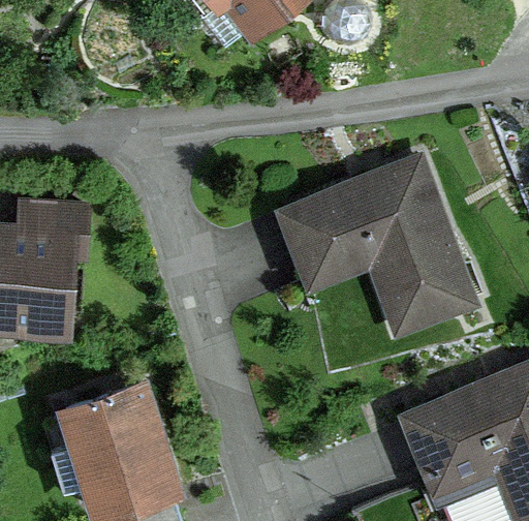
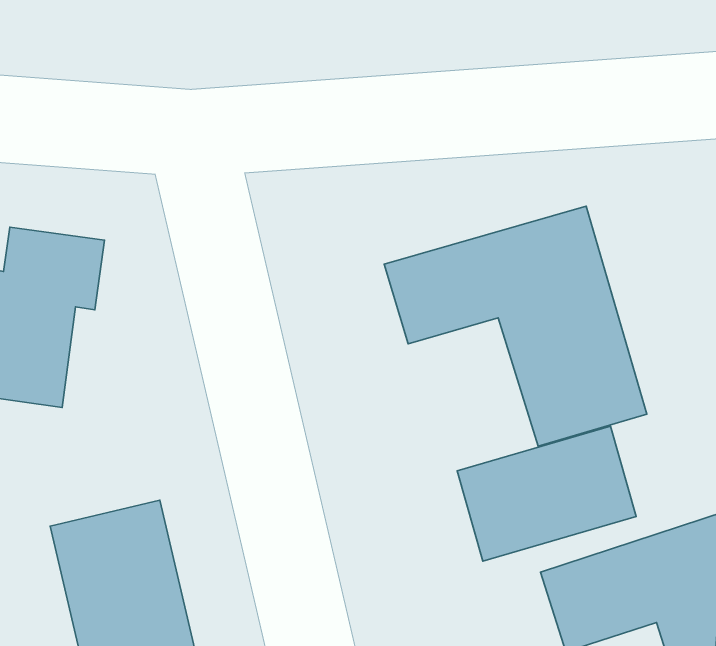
building: none -> [457,426,636,561]

